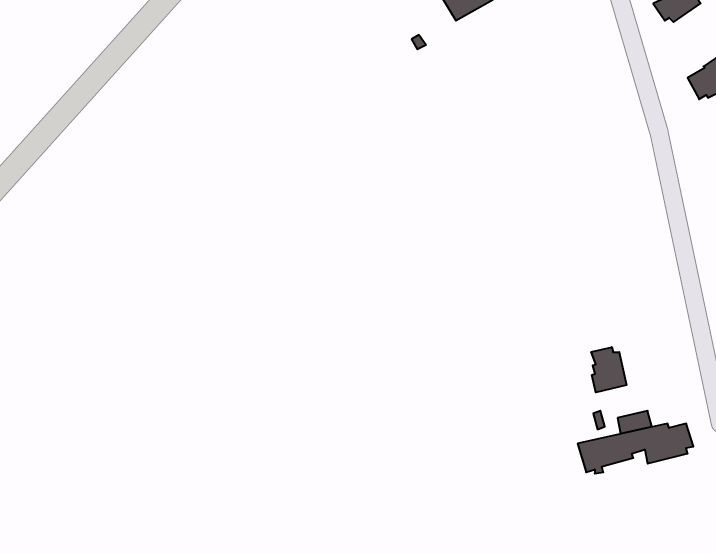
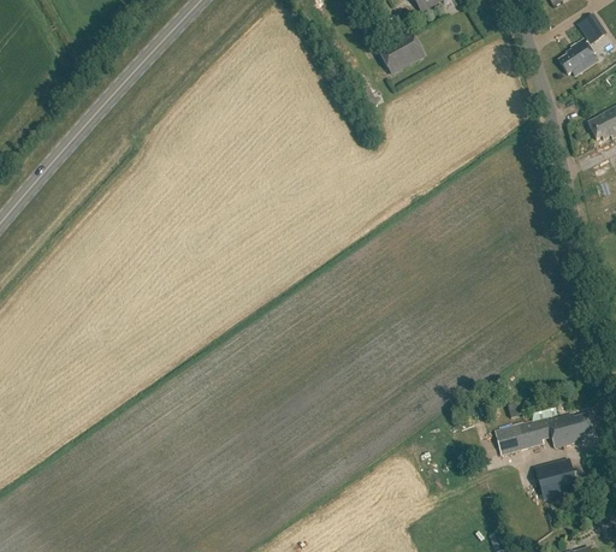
building: [591,347,627,392] -> none
building: none -> [534,457,578,499]

